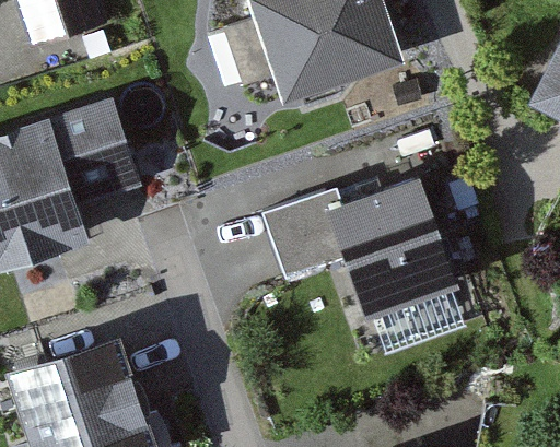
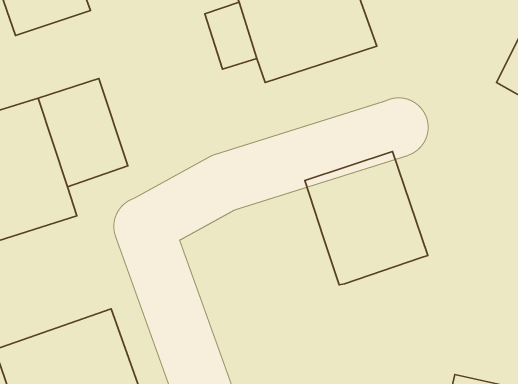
building: [260,189,347,281] -> none
building: [369,280,464,352] -> none

